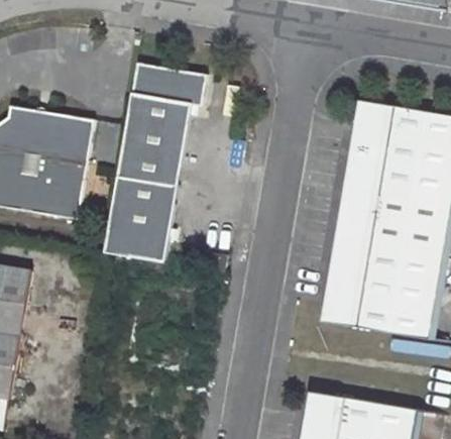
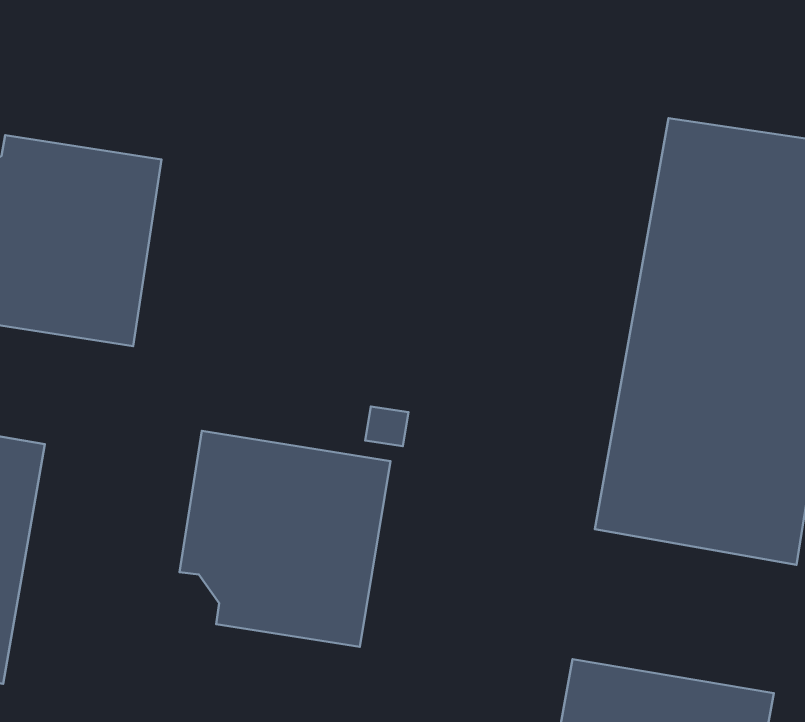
building: [104,65,204,263] -> none
building: none -> [180,431,391,647]

